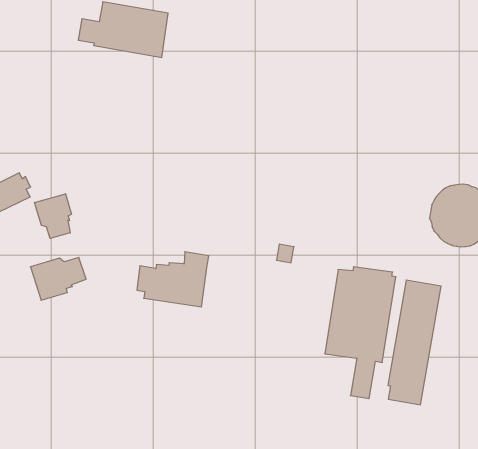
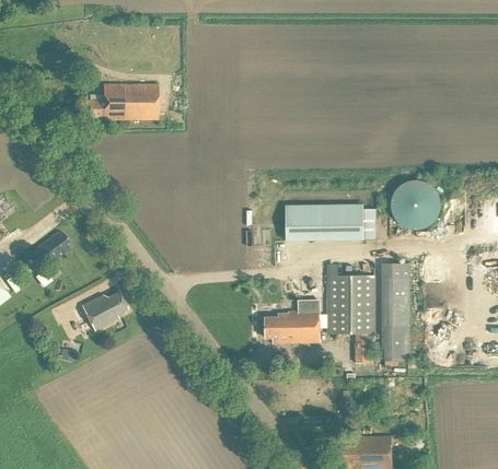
building: none -> [287,204,364,241]
building: [35,194,72,238] -> none
building: [137,252,209,307] -> [265,301,320,343]

